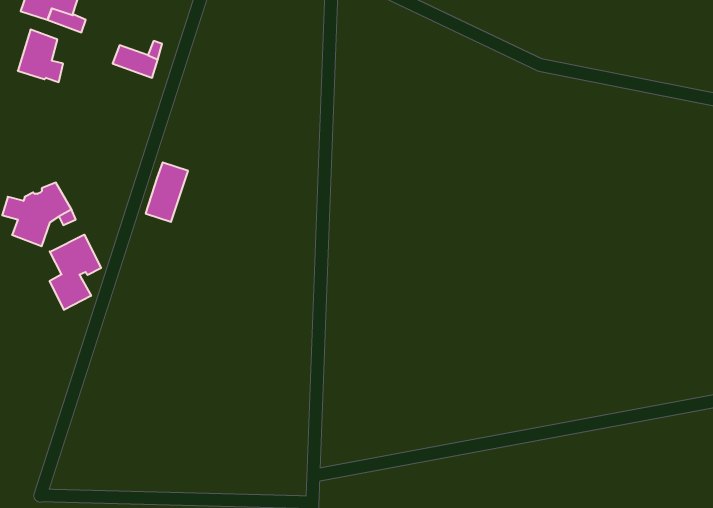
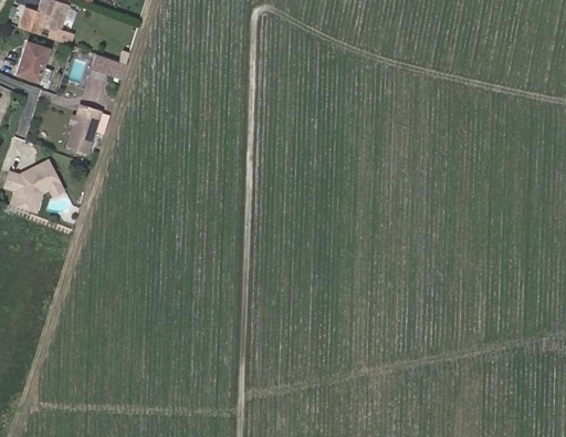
building: [146,162,188,222] -> [67,104,101,150]
building: [50,235,101,310] -> none

